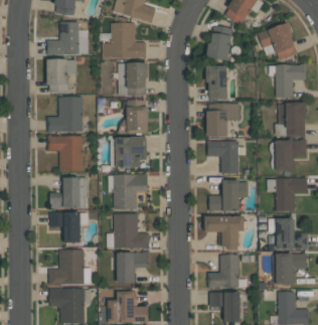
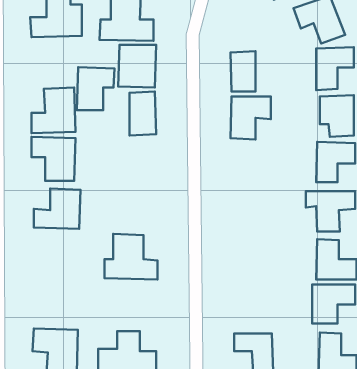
building: [208,33,229,61] -> none
building: [46,58,76,93] -> [77,67,115,110]
building: [115,137,145,168] -> none
building: [206,141,237,175] -> none
building: [108,175,147,210] -> none
building: [208,180,248,211] -> none
building: [49,212,88,242] -> none
building: [204,215,244,250] -> none
building: [48,250,91,286] -> none
building: [116,253,147,284] -> none
building: [208,255,237,289] -> none

